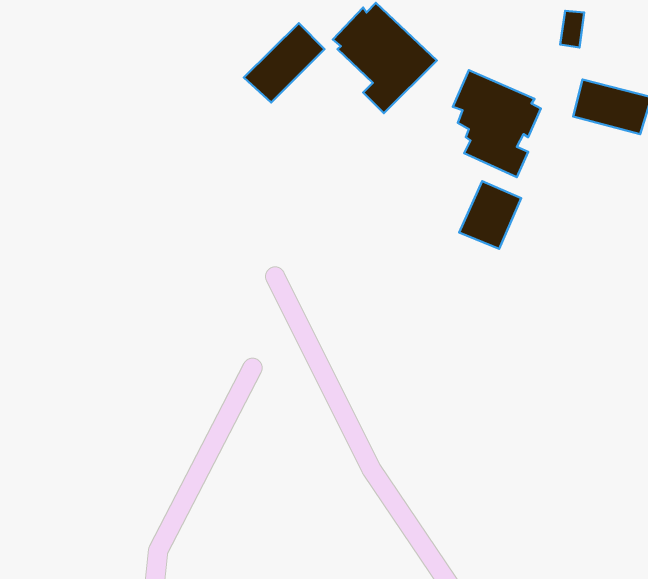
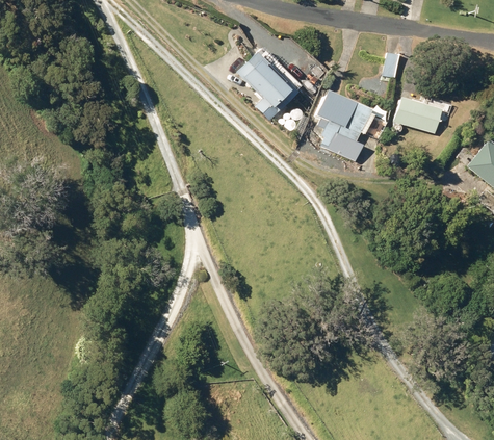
building: [244,23,325,103] -> none
building: [459,181,521,249] -> none

